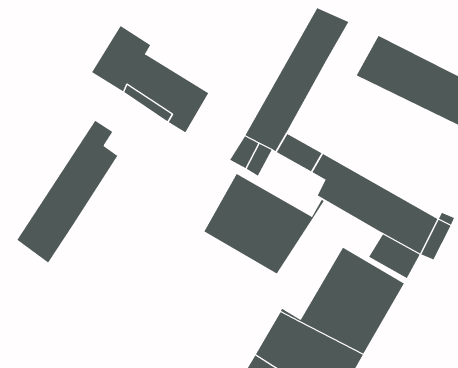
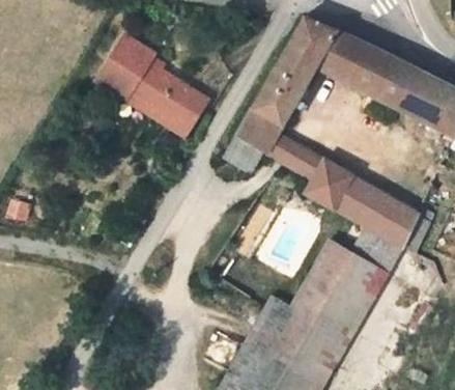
building: none -> [315,30,363,80]
building: [17,120,118,263] -> none
building: [203,173,325,275] -> none

